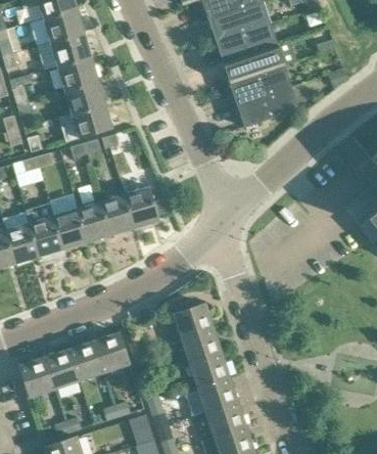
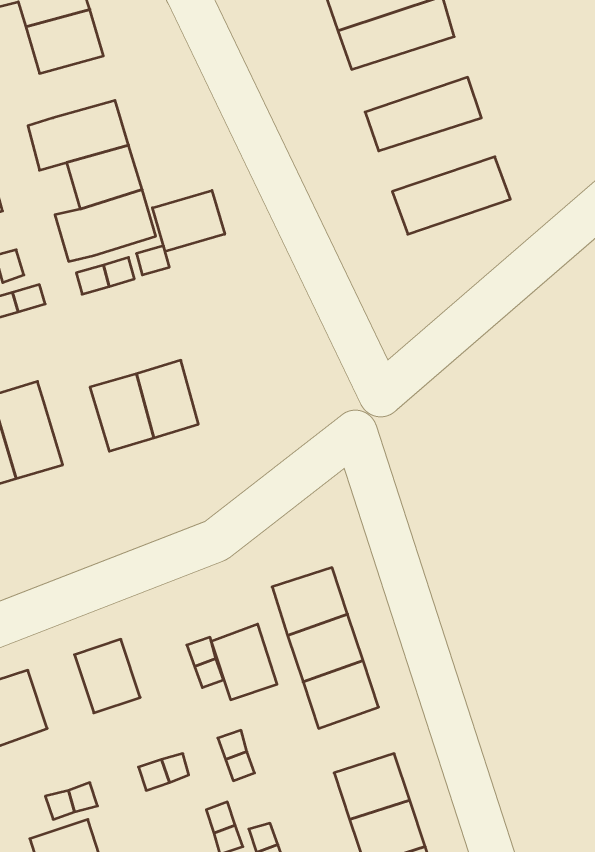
building: [215,22,276,62] -> none
building: [50,33,90,65] -> none
building: [229,65,290,104] -> none
building: none -> [152,190,225,252]
building: [125,186,158,227] -> none
building: [52,208,87,248] -> none
building: [93,331,128,371] -> [211,624,277,700]
building: [44,349,79,388] -> none
building: [197,376,237,411] -> none

